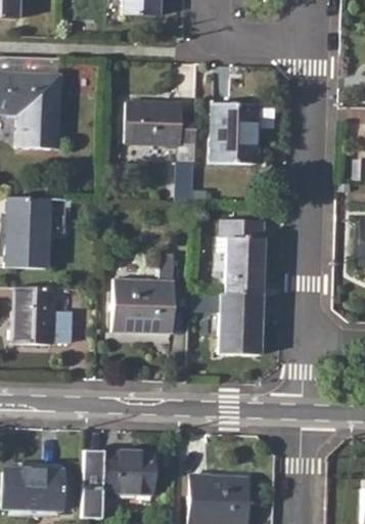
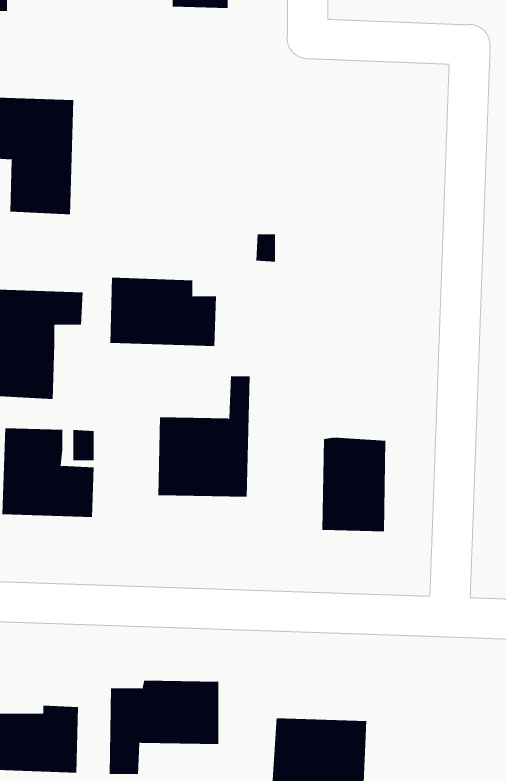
building: [127,99,196,144] -> [109,277,217,346]
building: [210,102,259,163] -> none
building: [222,219,264,295] -> none

